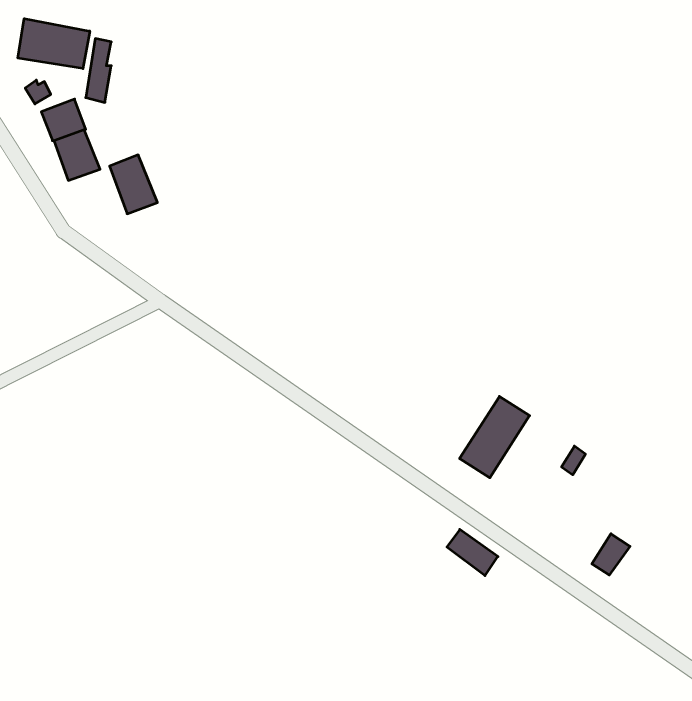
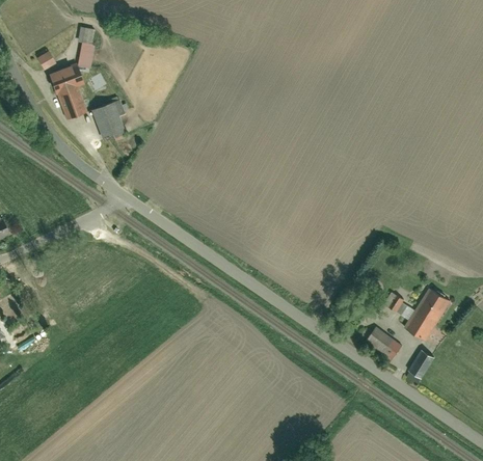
building: [18,19,90,69] -> none
building: [460,396,530,478] -> [407,287,453,340]
building: [447,529,498,576] -> [369,329,402,359]

